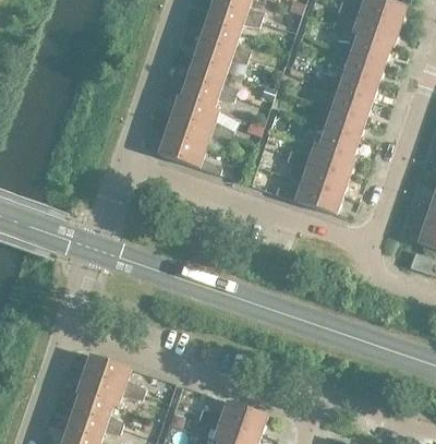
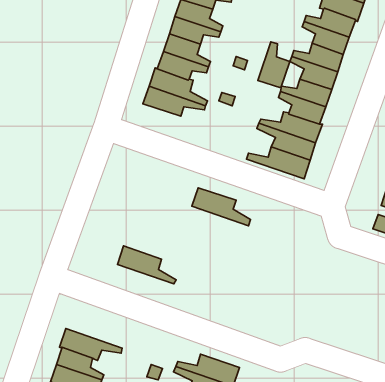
building: none -> [258,42,290,88]
building: [158,134,220,175] -> [192,188,251,226]
building: [83,353,145,394] -> [117,246,176,284]

